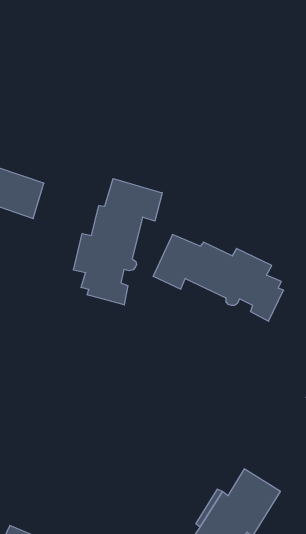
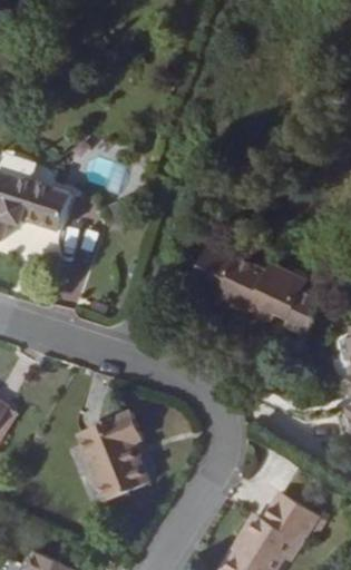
building: [74,179,162,305] -> none
building: none -> [77,411,148,501]

